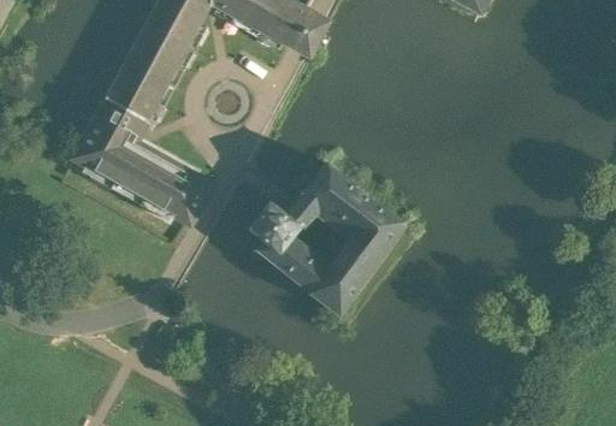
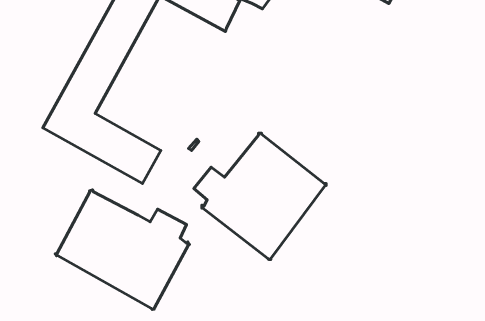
building: none -> [55,190,190,310]

